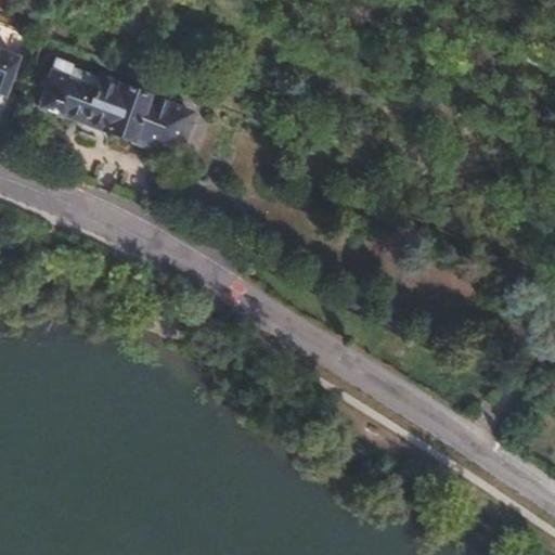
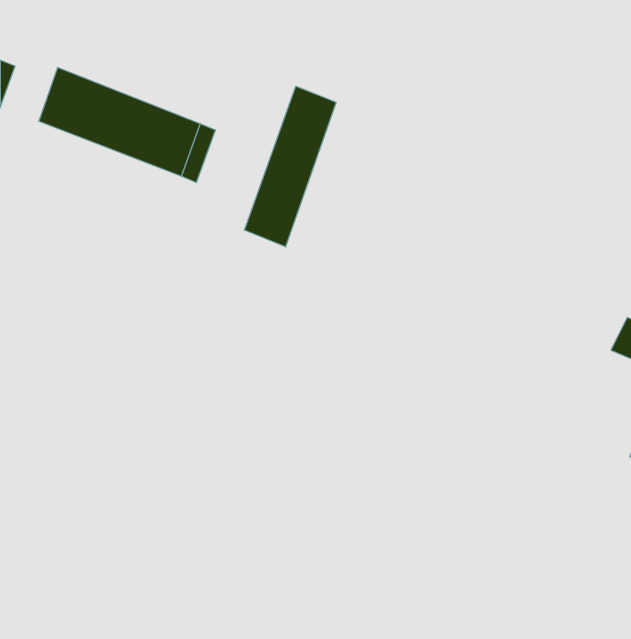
building: none -> [244,86,336,247]

